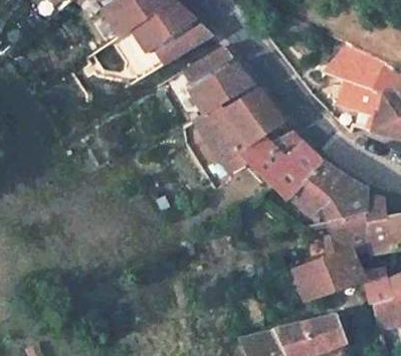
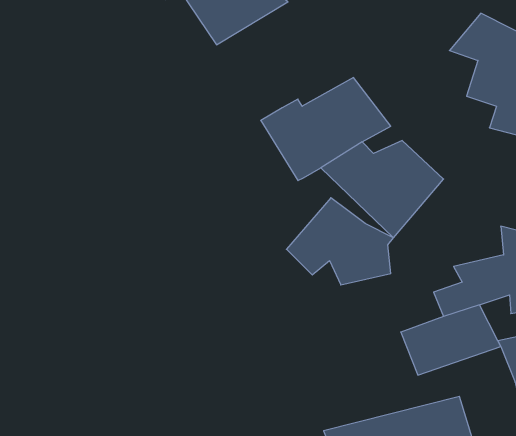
building: [185,46,256,111] -> none
building: [291,161,367,222] -> [286,198,394,285]

